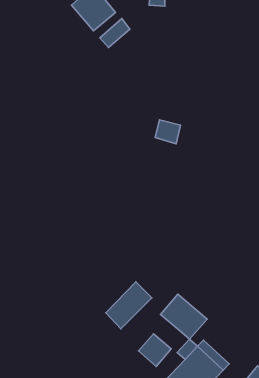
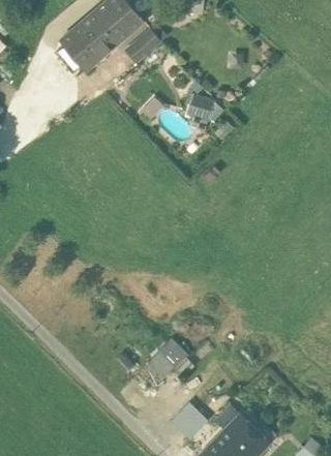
building: none -> [59,13,118,71]
building: [155,120,181,144] -> [185,94,215,122]
building: [160,294,207,339] -> none

